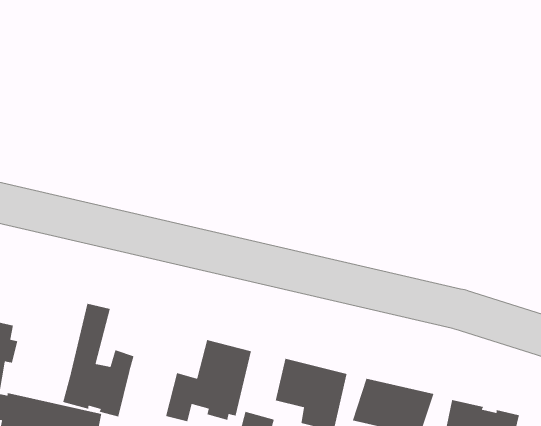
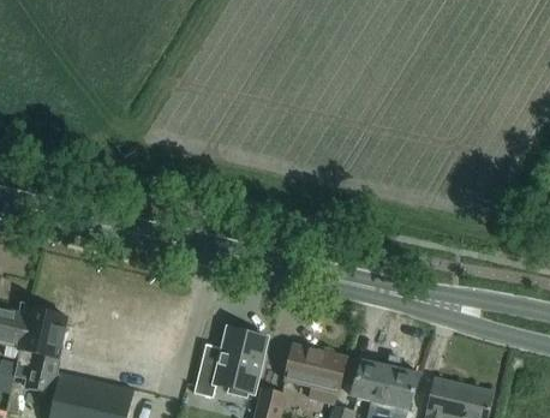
building: [62,303,134,417] -> none

